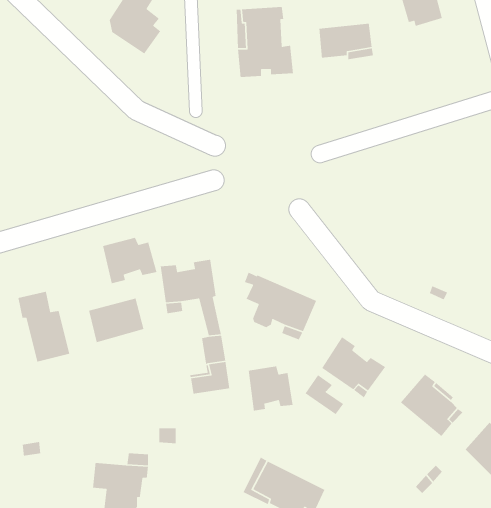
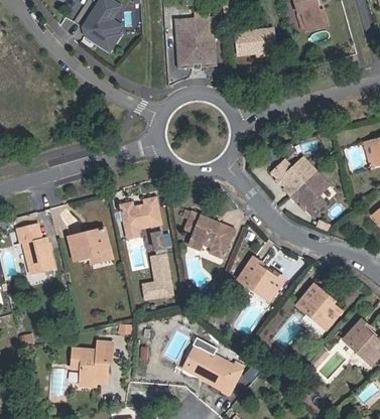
building: none -> [271,156,329,215]
building: [102,237,157,284] -> none
building: [248,365,294,412] -> none
building: [304,374,344,415] -> none

